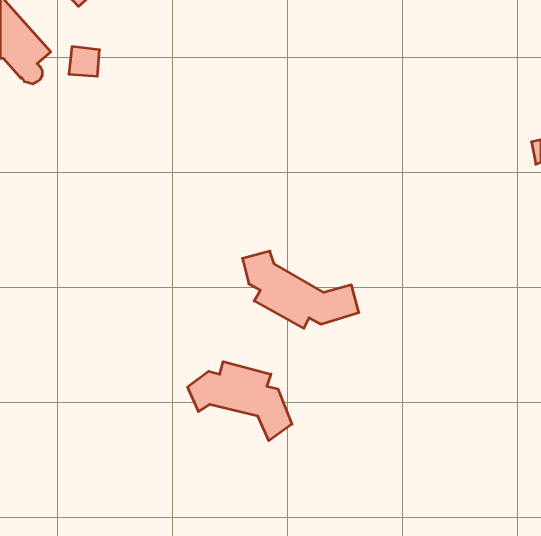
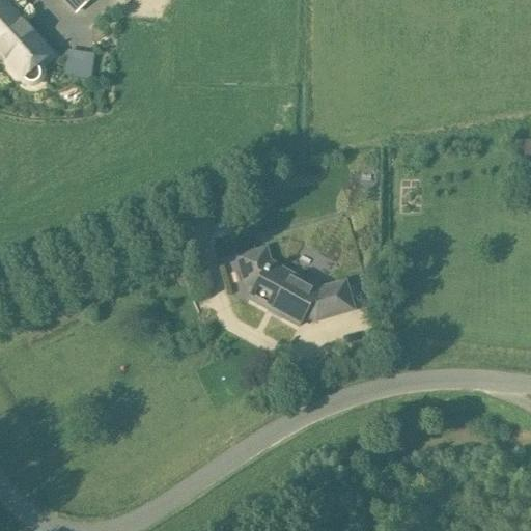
building: [188,362,292,441] -> none

